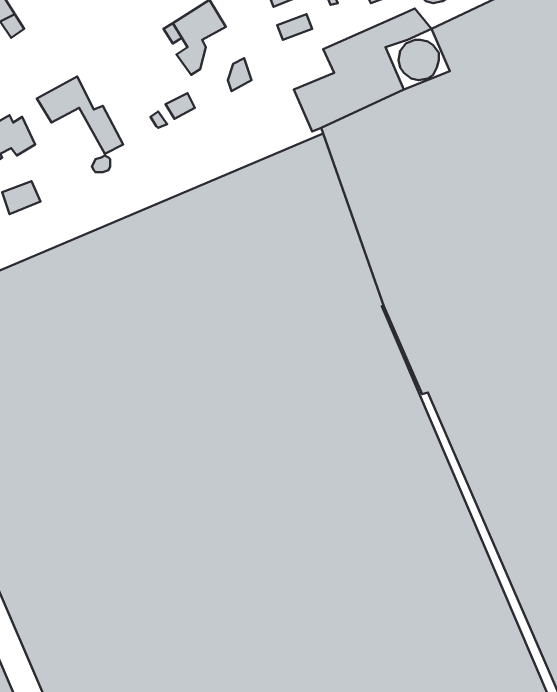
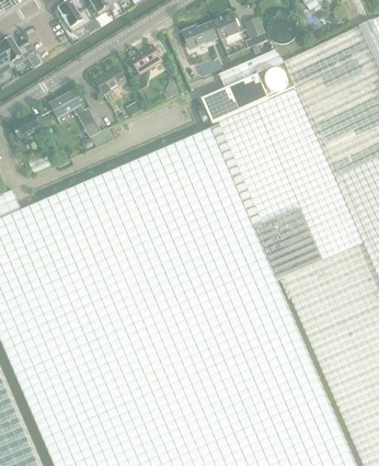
building: none -> [94,67,126,96]

